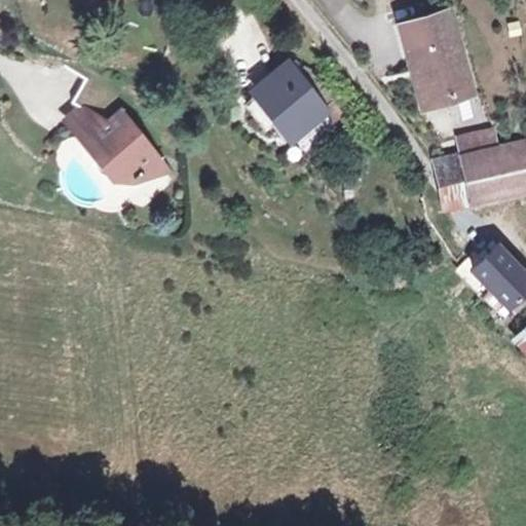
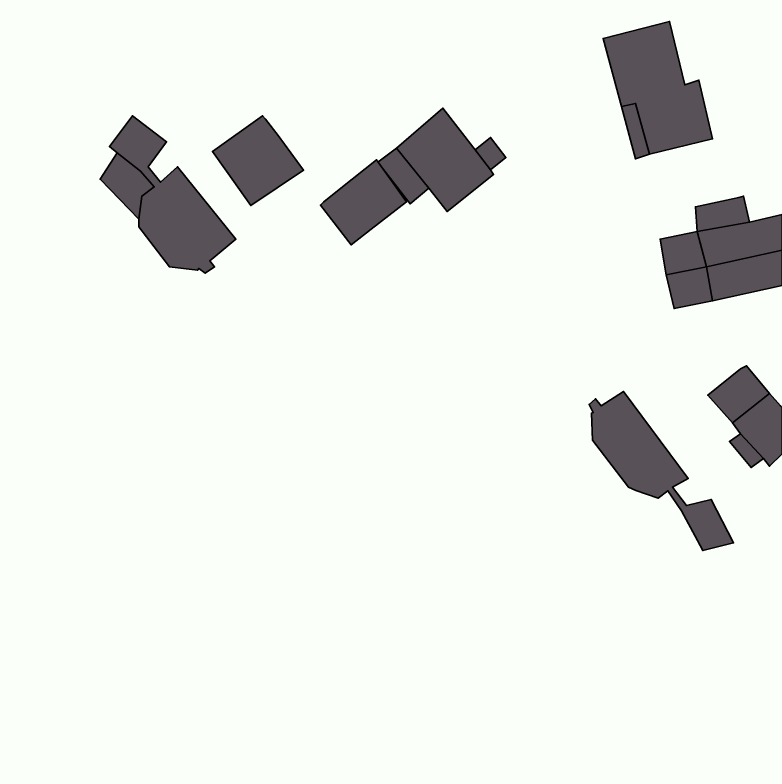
building: none -> [213,116,304,205]
building: none -> [320,160,406,245]
building: none -> [589,391,734,550]

